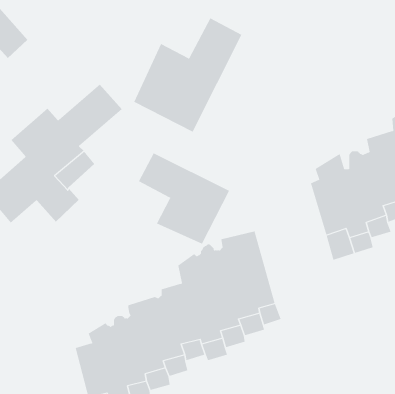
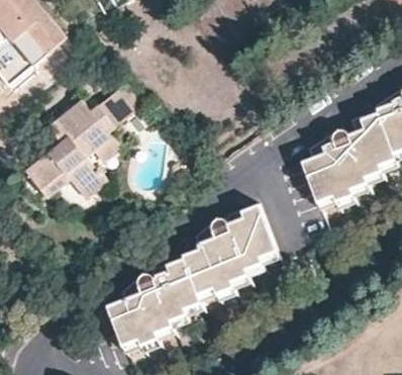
building: [133,18,242,133] -> none
building: [138,152,230,245] -> none

